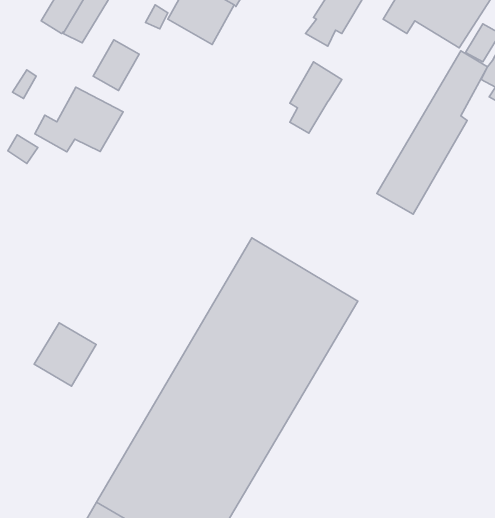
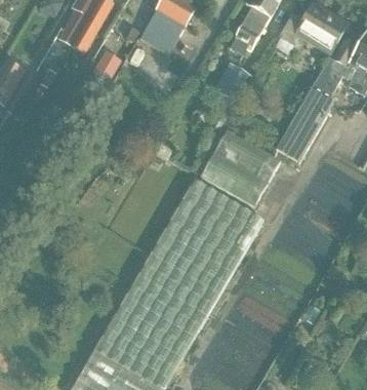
building: [35,87,123,152] -> none
building: none -> [202,127,282,205]
building: [34,323,96,386] -> none

